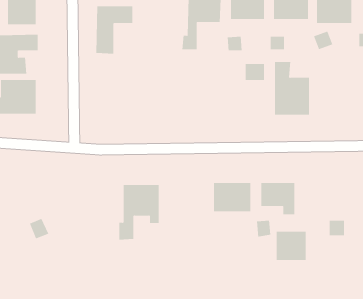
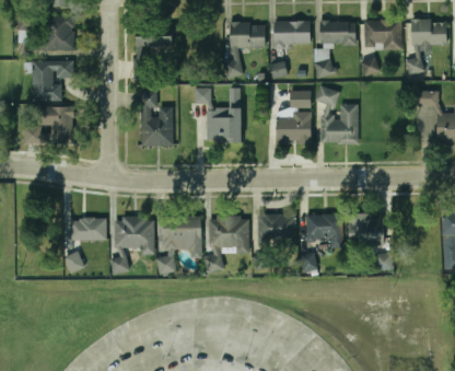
building: none -> [194,89,241,142]
building: none -> [140,90,173,144]
building: none -> [276,113,310,143]
building: none -> [112,216,153,273]
building: none -> [207,216,247,273]
building: none -> [69,218,105,240]
building: [276,231,306,260] -> [350,215,382,245]

